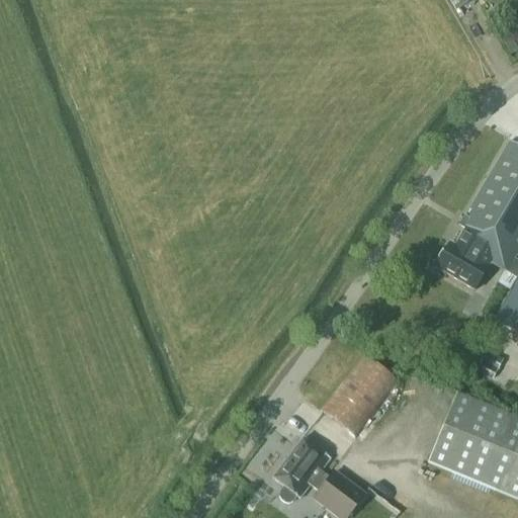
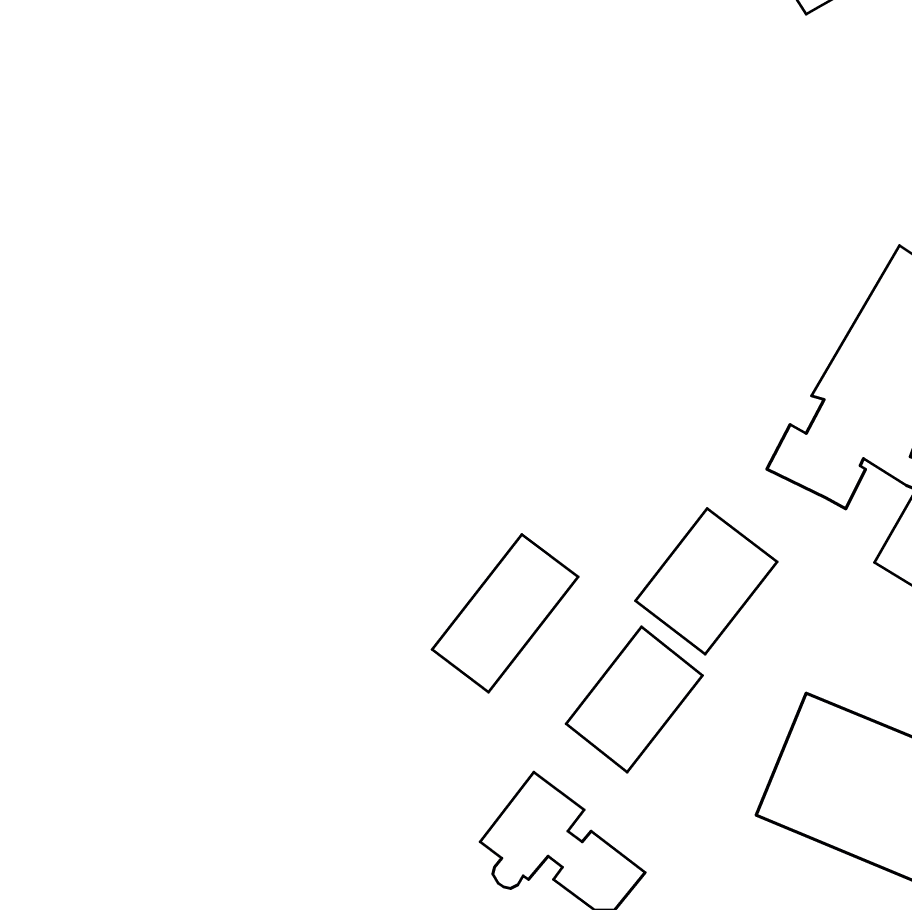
building: none -> [635,508,777,654]
building: none -> [432,534,578,692]

